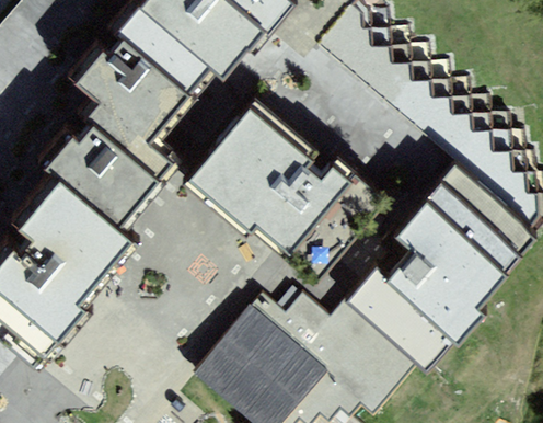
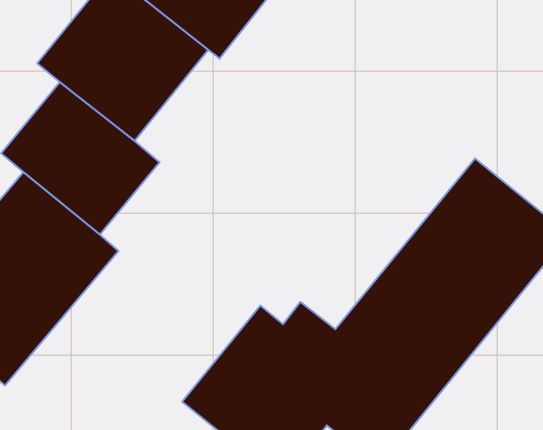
building: [190,99,351,256] -> none

